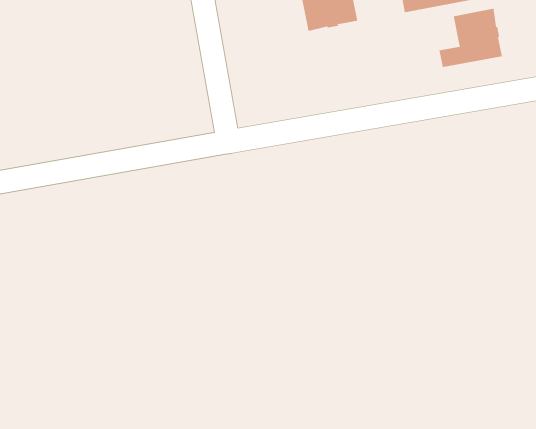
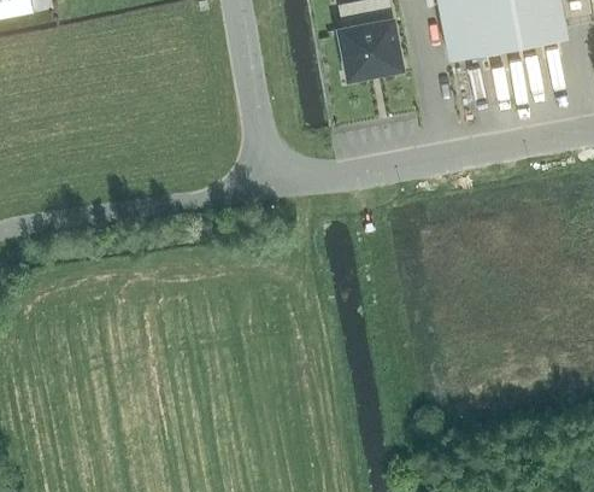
building: [439,8,503,68] -> none

